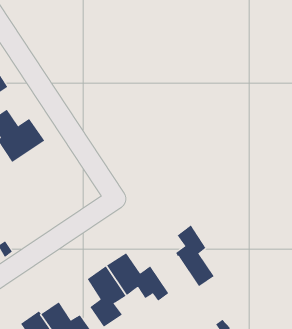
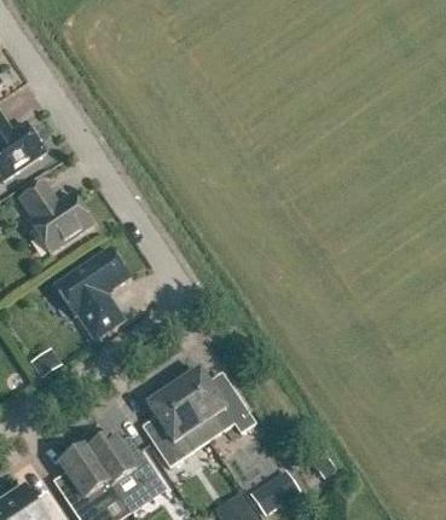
building: none -> [54,247,129,339]
building: [175,225,215,287] -> none

